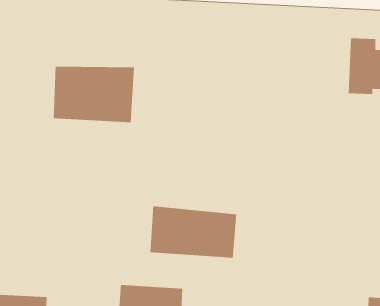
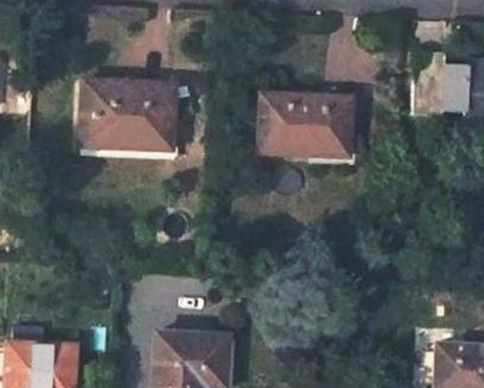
building: none -> [260,96,351,154]
building: [150,205,237,258] -> none

